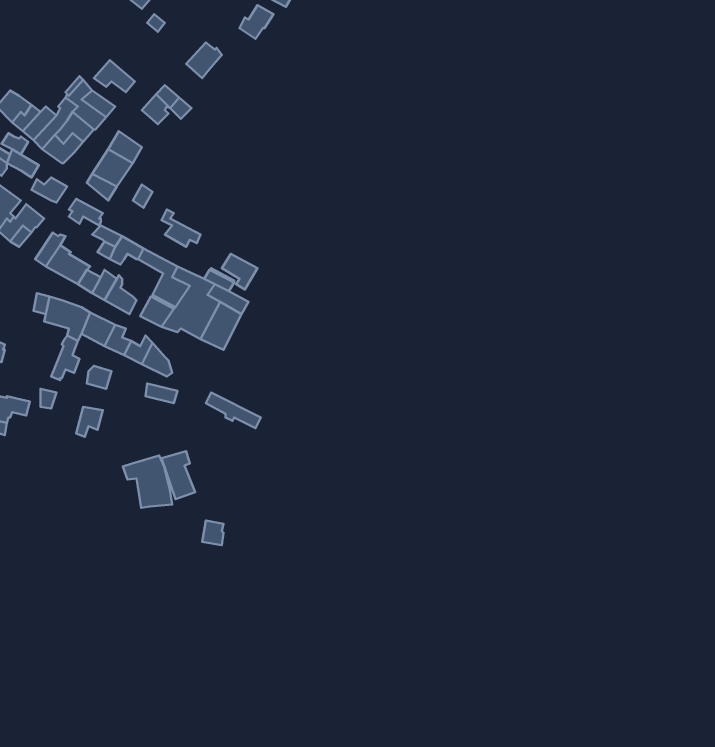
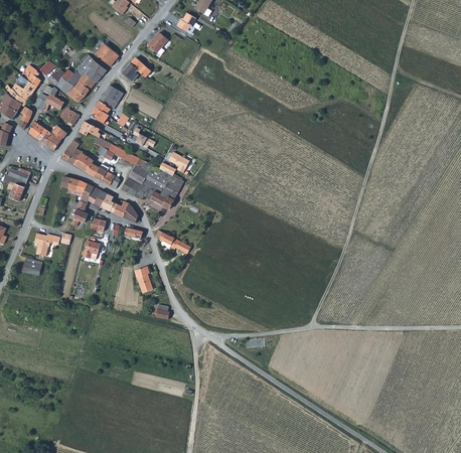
building: [123,456,172,508] -> none

